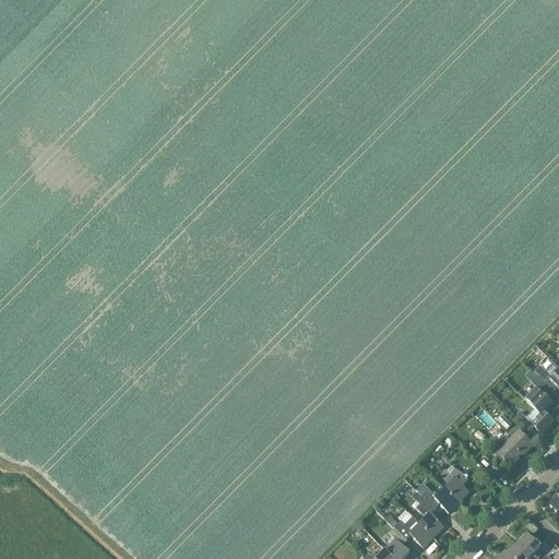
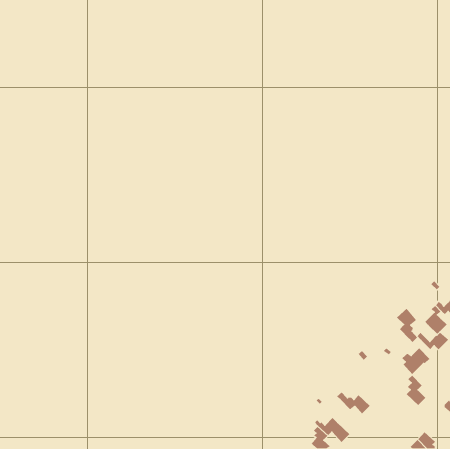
building: none -> [396,308,418,343]
building: [444,464,469,502] -> [406,375,426,406]
building: [417,495,444,537] -> none

